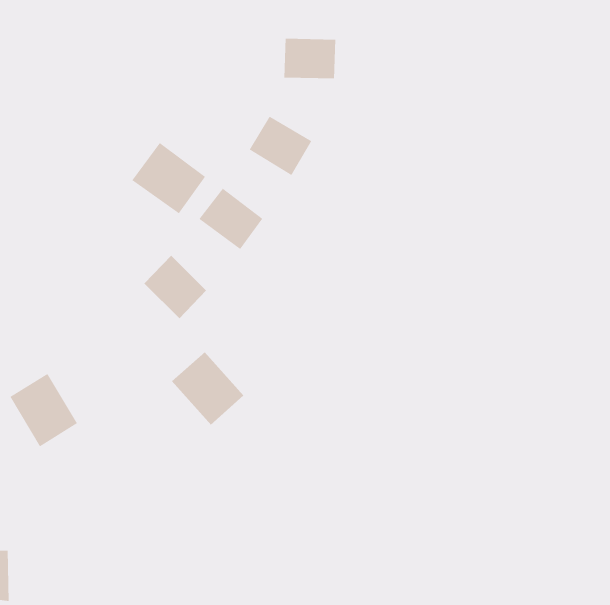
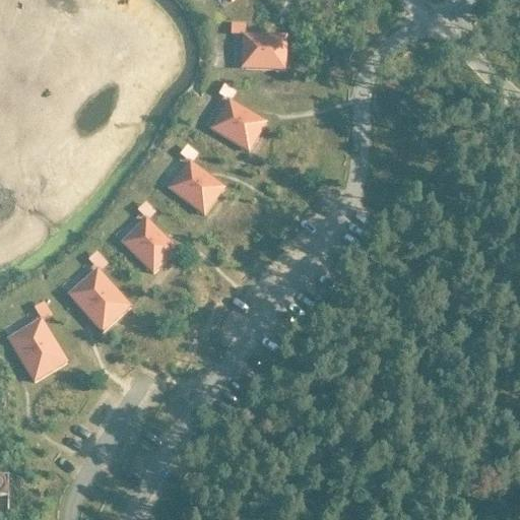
building: [131,142,206,214] -> none
building: [171,351,244,425] -> [68,267,130,330]

